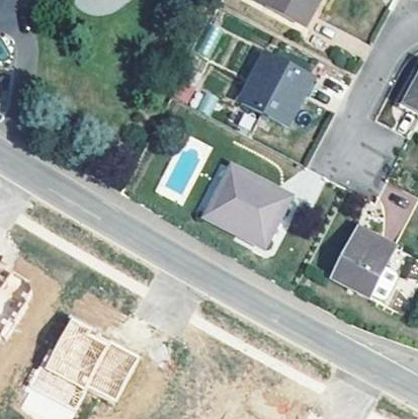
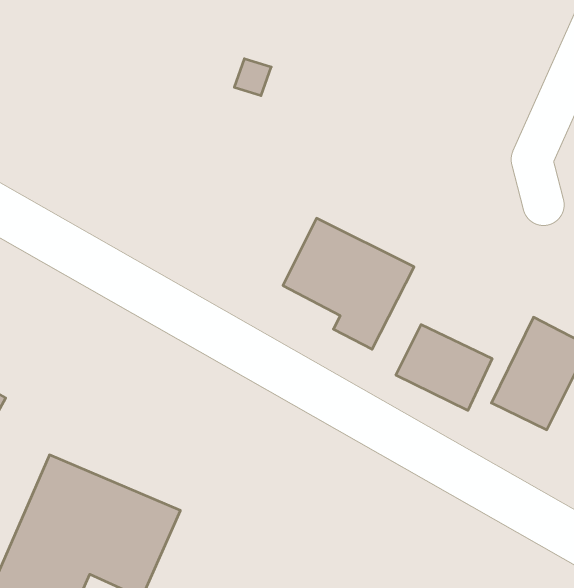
building: [239,54,308,122] -> none
building: none -> [396,325,492,410]

